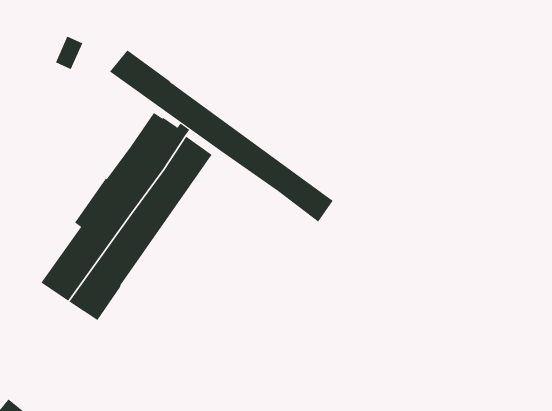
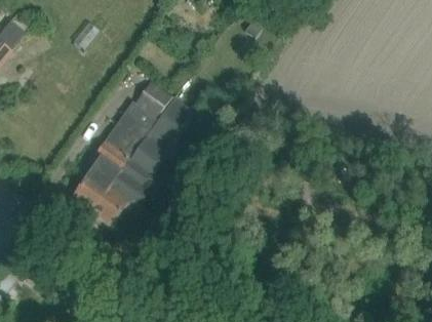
building: [109,49,334,223] -> none

